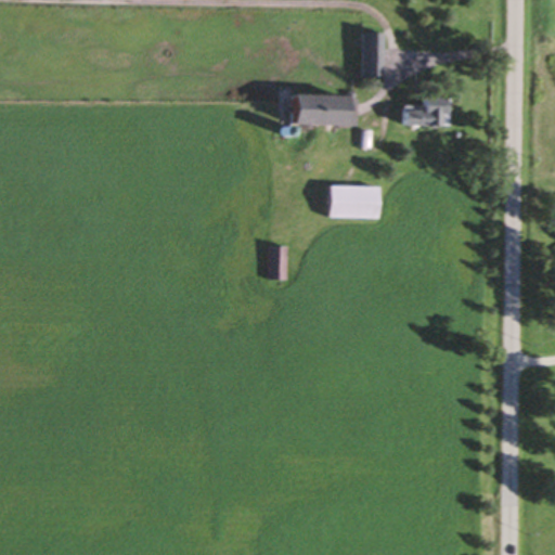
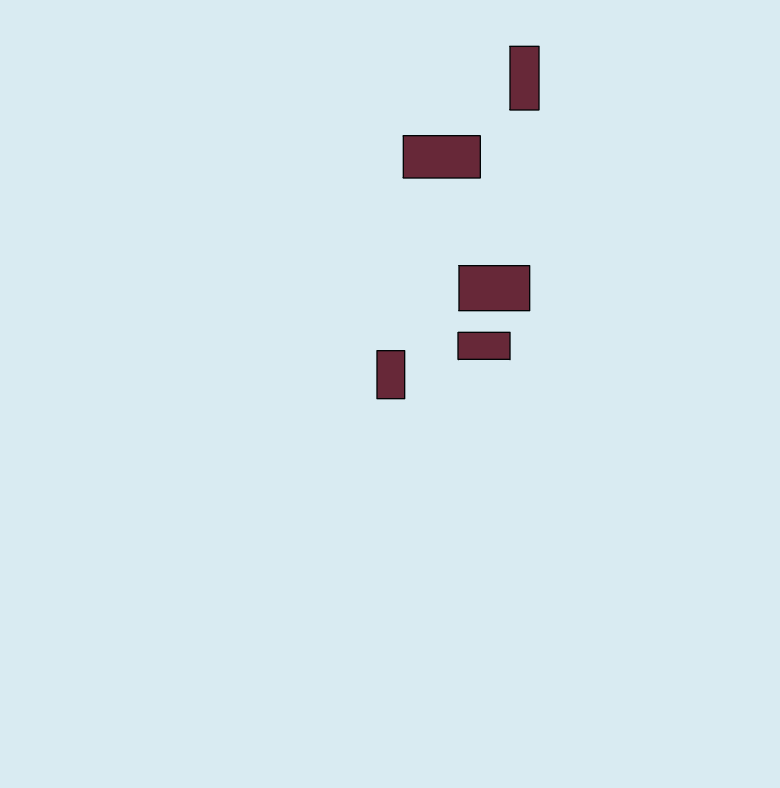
building: [402,98,449,126] -> none
building: none -> [458,332,510,360]

